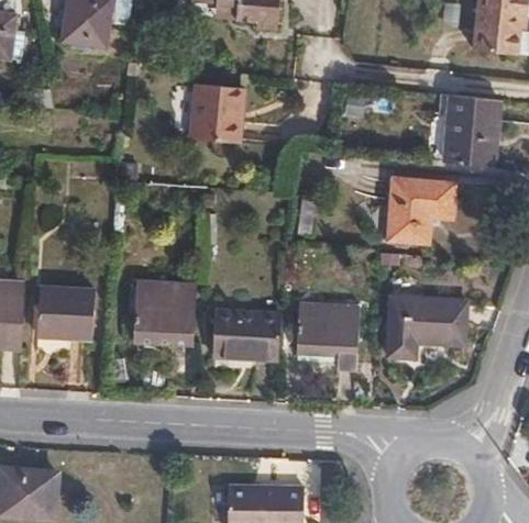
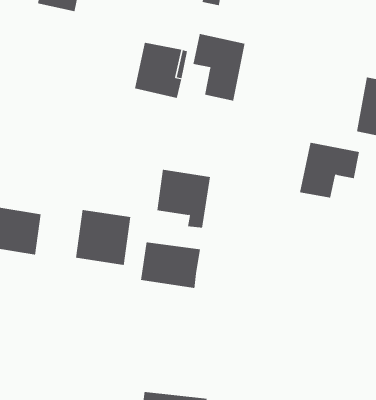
building: none -> [193,33,245,102]
building: [386,298,463,359] -> none
building: [297,302,356,366] -> [156,169,211,228]

